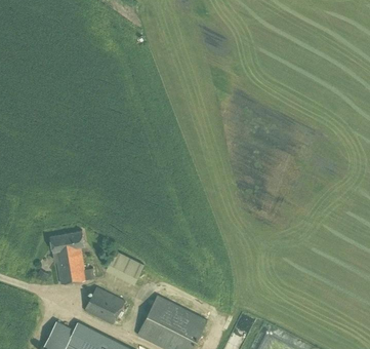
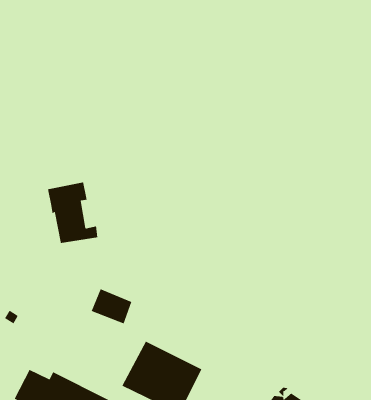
building: [49,231,93,284] -> [47,182,98,244]
building: [83,288,124,325] -> none

